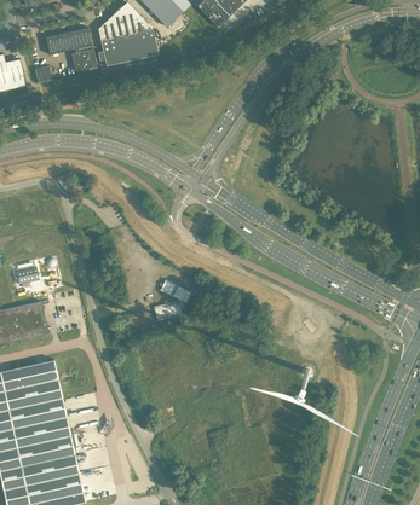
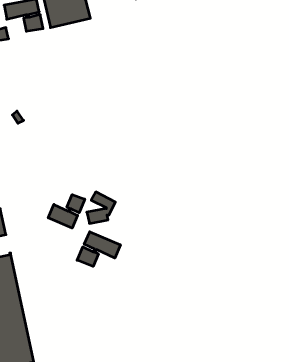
building: none -> [48,195,85,228]
building: none -> [77,232,120,266]

